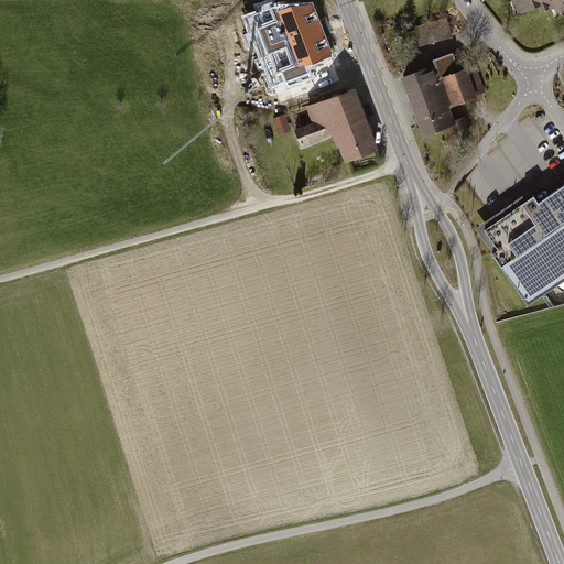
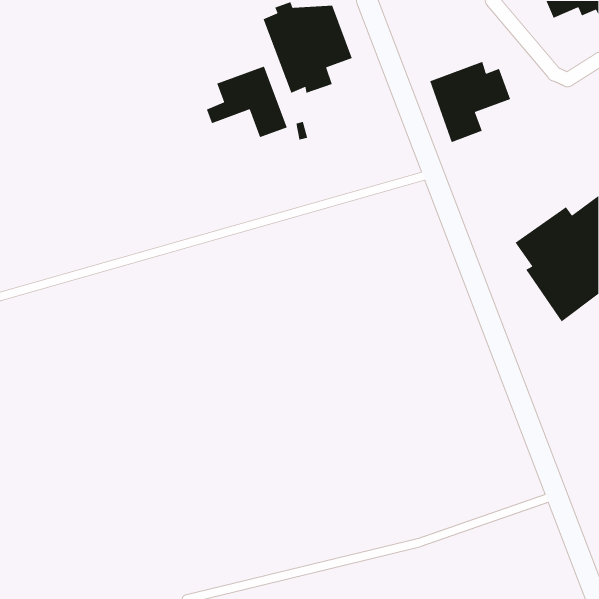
building: [299,89,376,158] -> [206,66,288,138]

